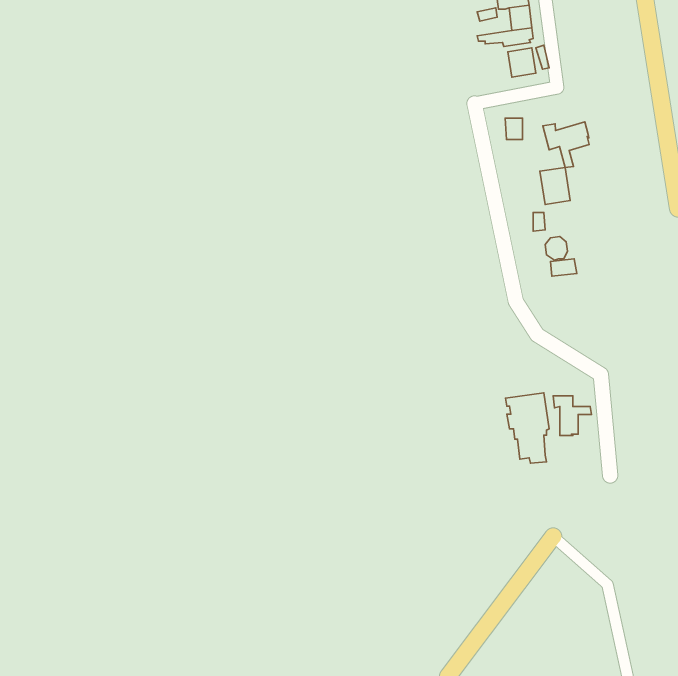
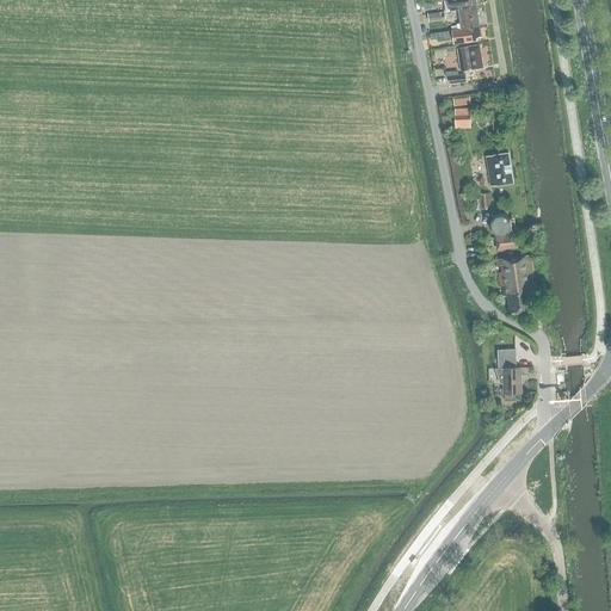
building: [543,122,589,167] -> none
building: [505,393,549,463] -> [495,252,535,315]

